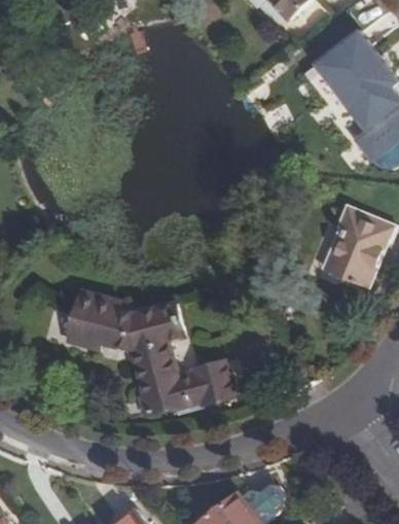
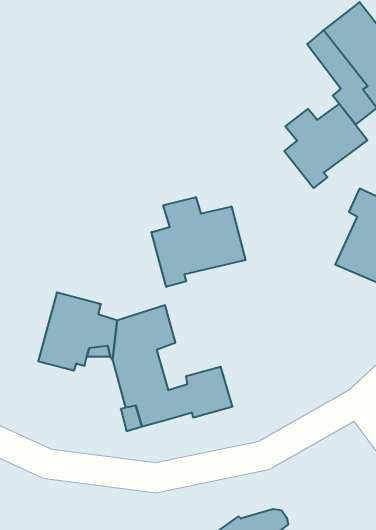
building: none -> [284,104,367,188]
building: none -> [151,197,245,287]

